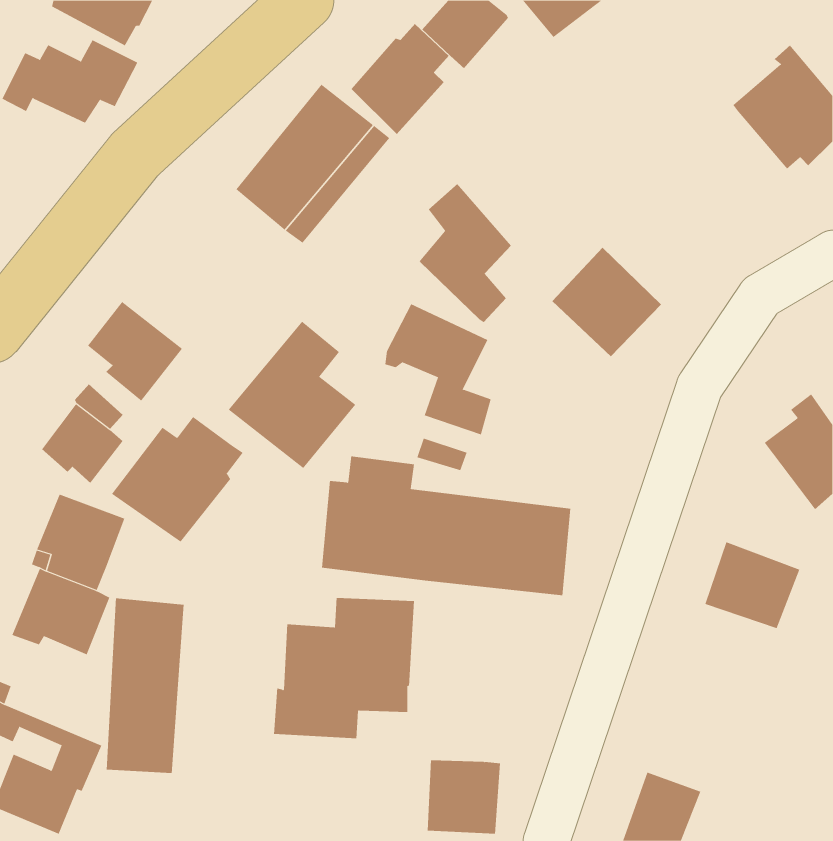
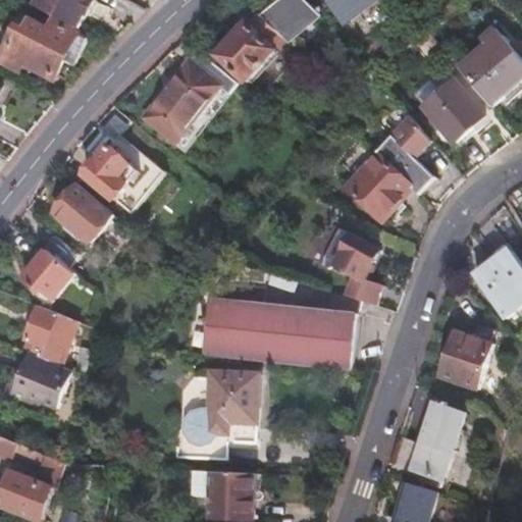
building: none -> [417,77,479,140]
building: [418,183,512,323] -> [372,104,430,191]
building: [384,304,491,435] -> [317,226,383,308]
building: [228,321,356,469] -> [86,123,165,215]
building: [111,416,243,542] -> none
building: [106,597,184,774] -> none
building: none -> [386,400,462,485]
building: [427,760,501,834] -> [205,470,251,516]

